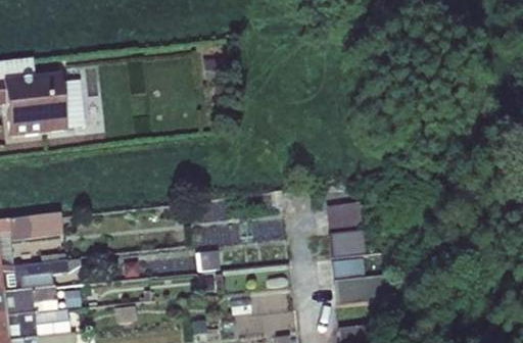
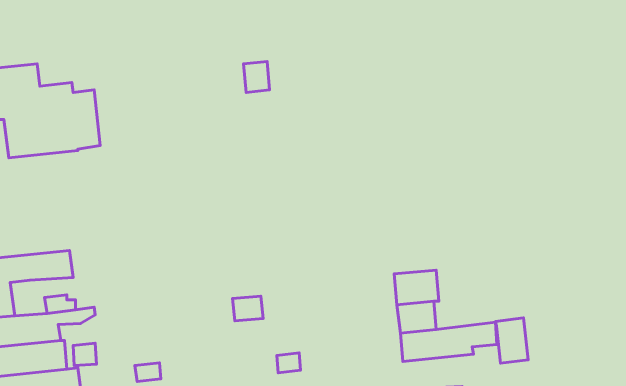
building: [325,202,362,232] -> none
building: none -> [495,318,528,363]

